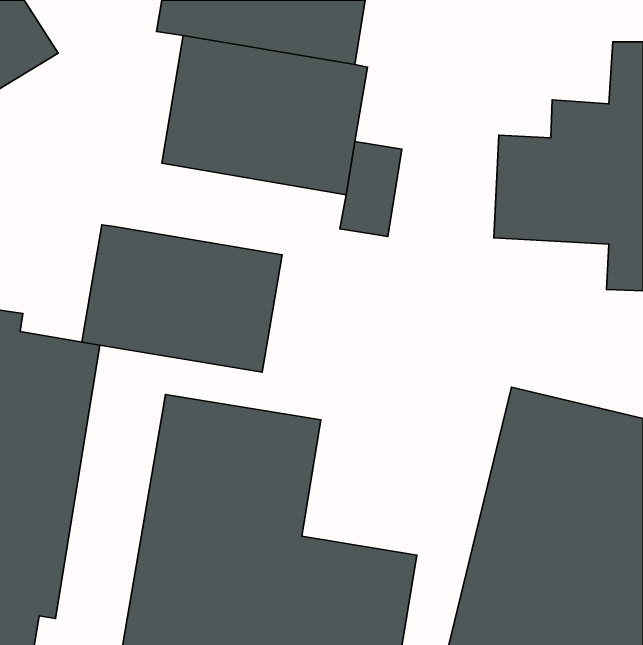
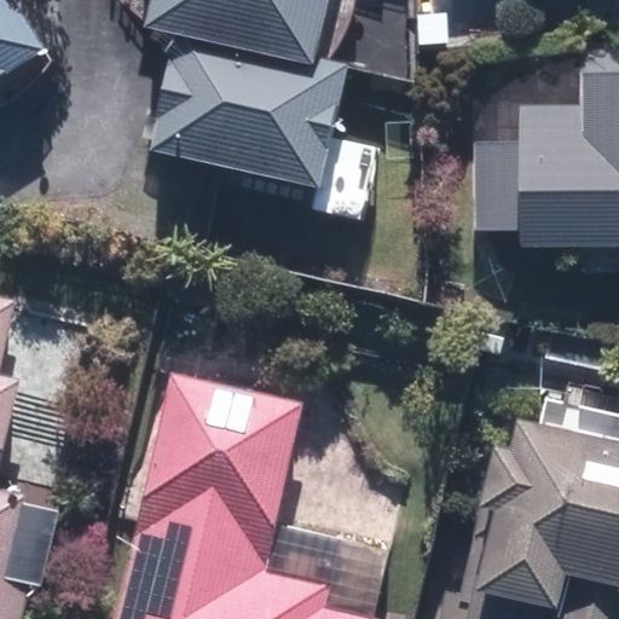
building: [82,225,282,372] -> none

